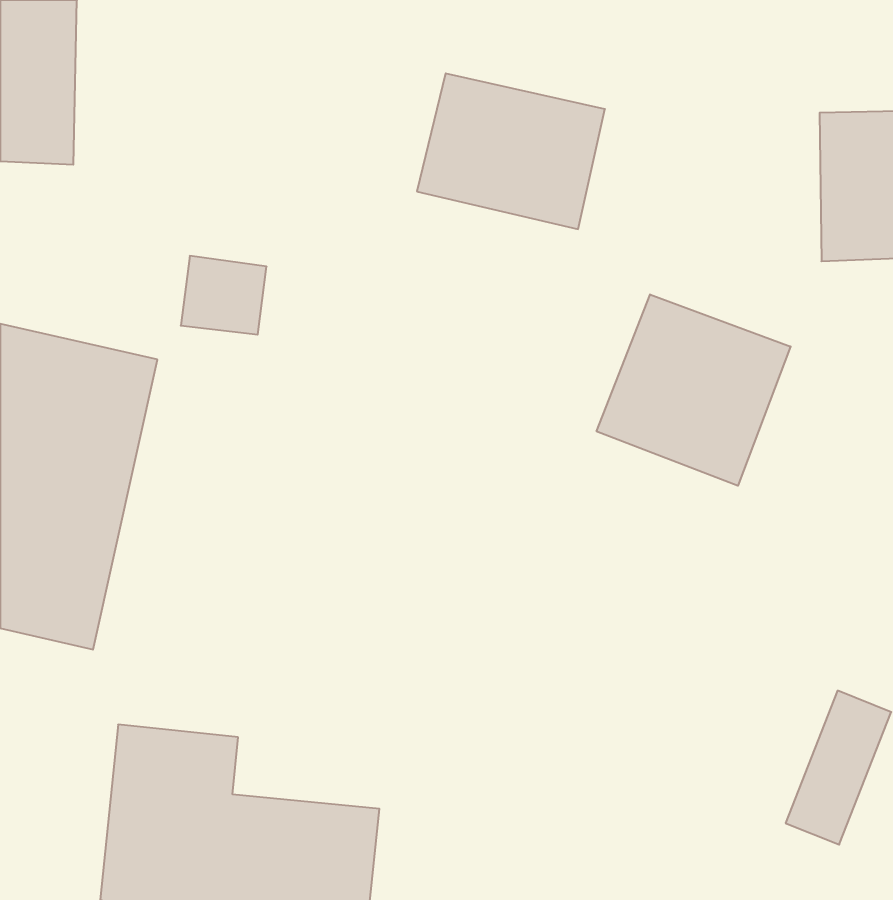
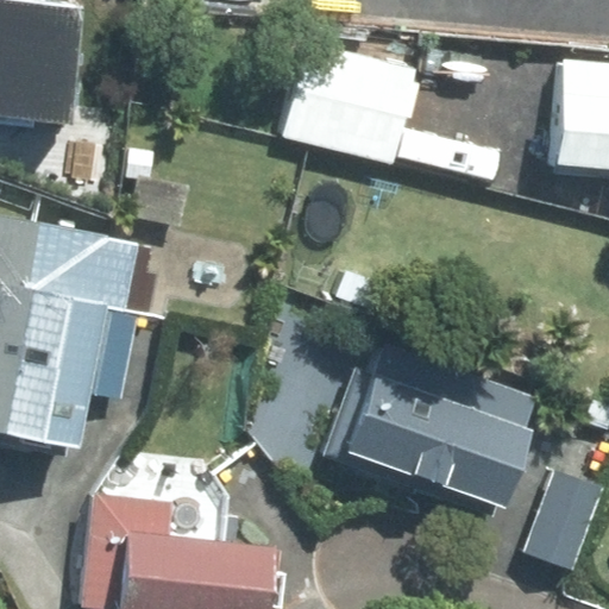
building: [597,294,791,486] -> none
building: none -> [315,344,521,501]

